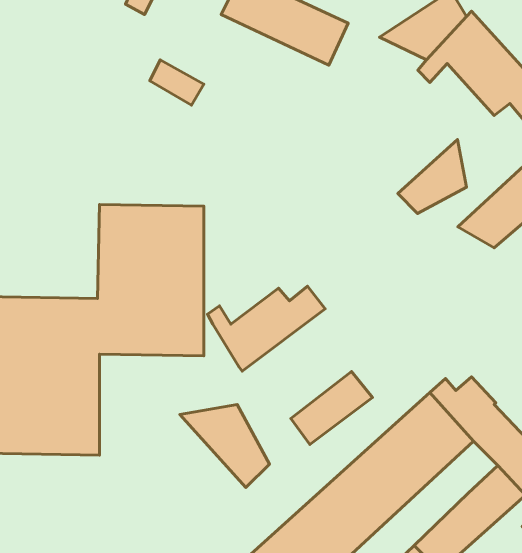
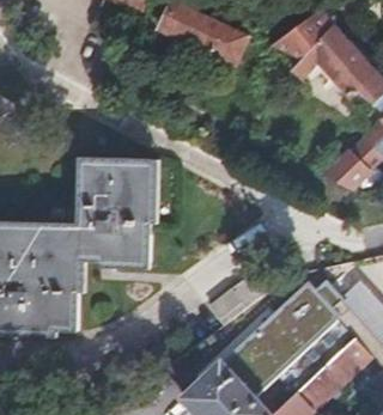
building: [398,140,466,214] -> none
building: [207,286,325,371] -> none
building: [180,405,270,488] -> none

